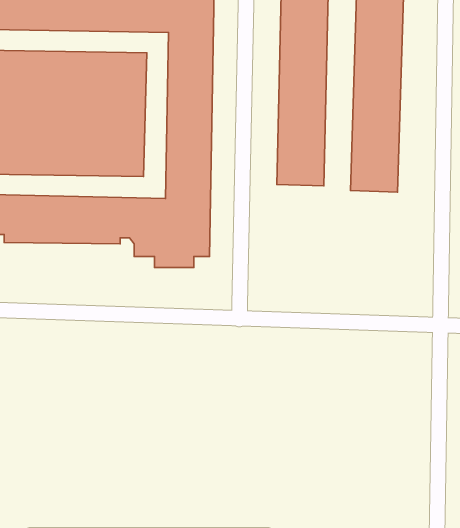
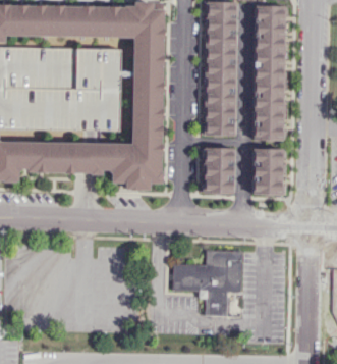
building: none -> [205,148,233,194]
building: none -> [254,150,282,197]
building: none -> [173,249,242,315]

